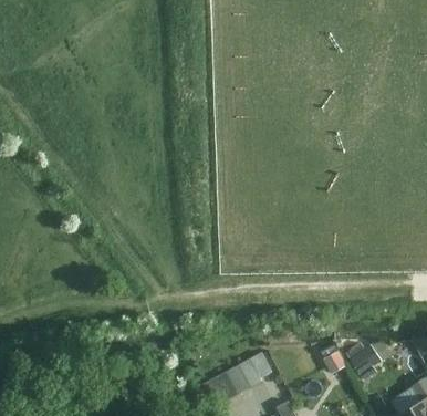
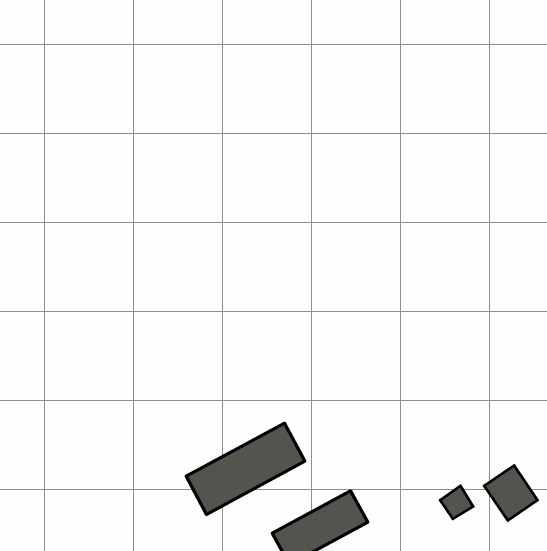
building: none -> [186,423,305,514]

